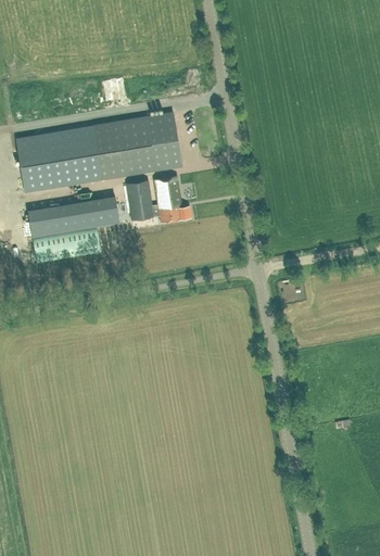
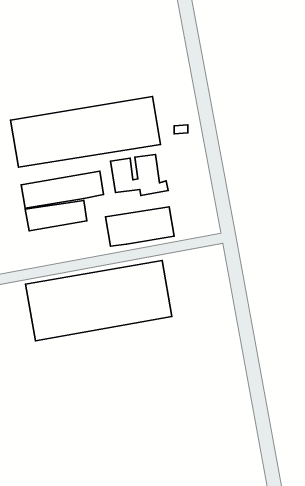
building: none -> [106,207,174,246]
building: none -> [26,260,172,341]

